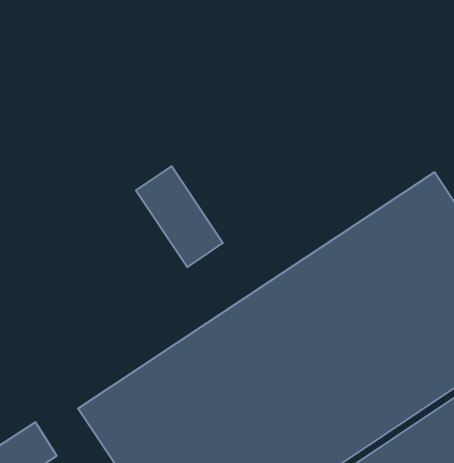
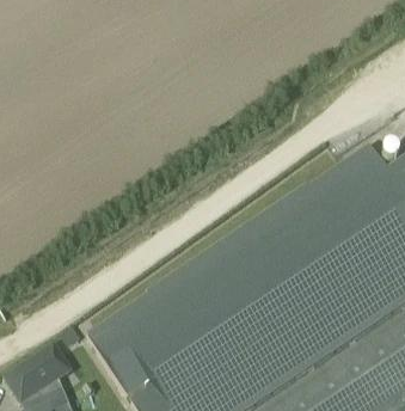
building: [136,166,223,267] -> none

